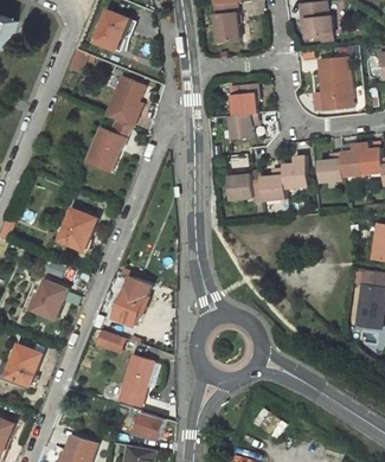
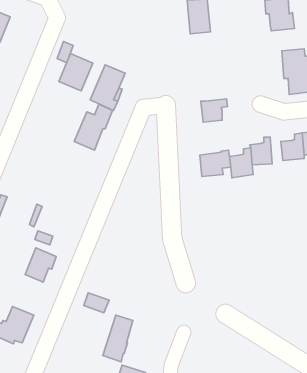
building: [95,9,133,51] -> [59,54,93,91]
building: [229,83,256,116] -> none
building: [59,208,95,250] -> none
building: [113,276,150,326] -> none

